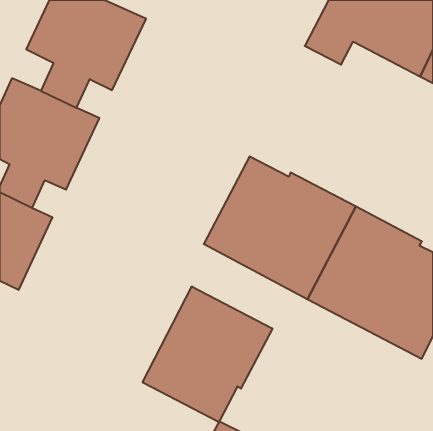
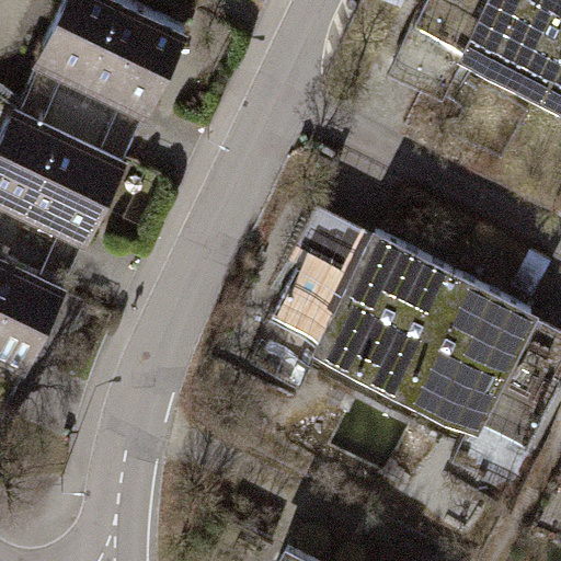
building: [143,286,272,422] -> none

